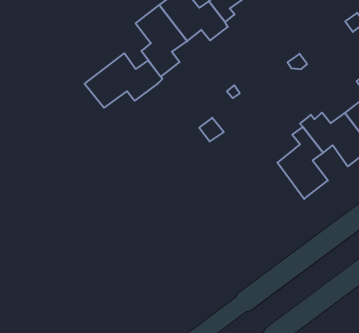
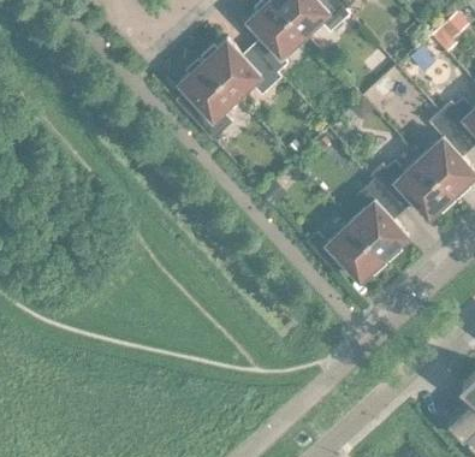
building: [85,53,162,108] -> none
building: none -> [305,222,384,281]

